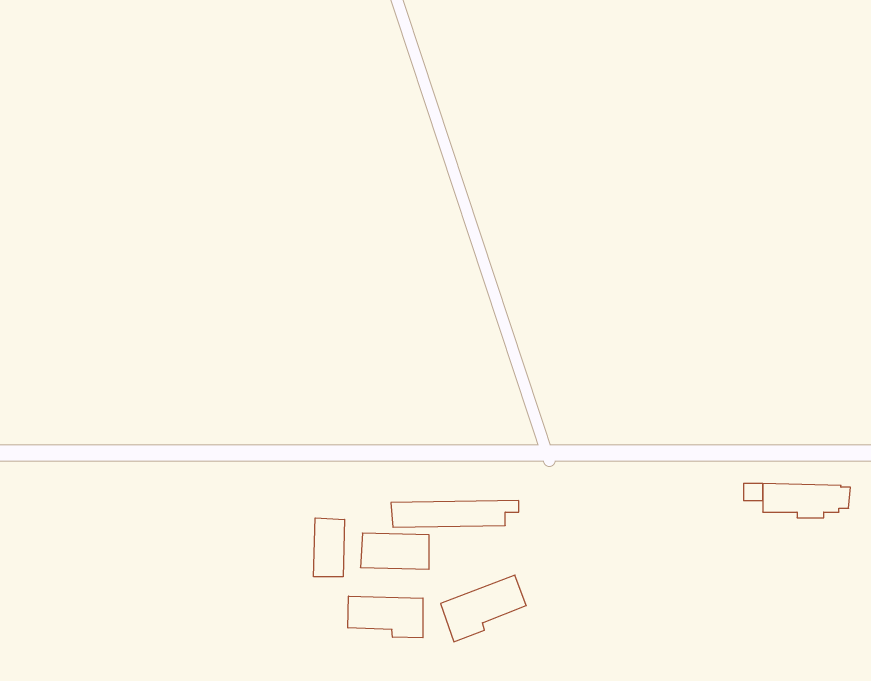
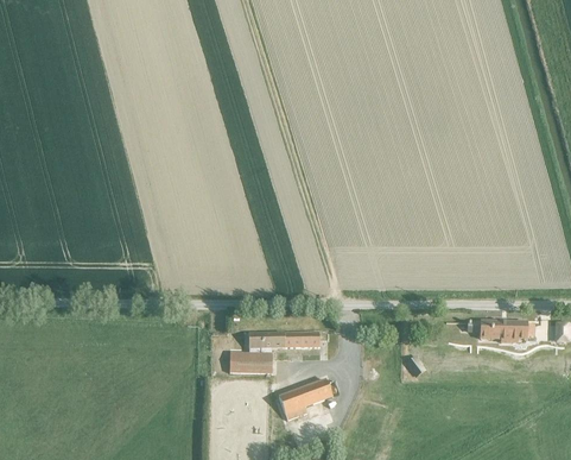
building: [314,518,345,577] -> none
building: [348,596,423,638] -> none

